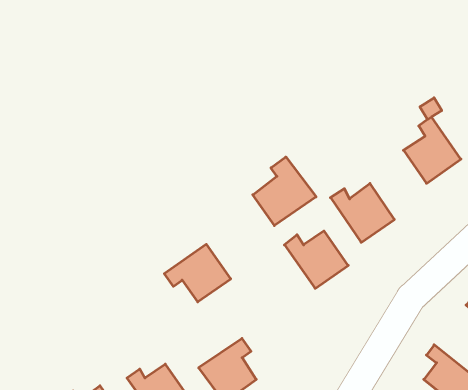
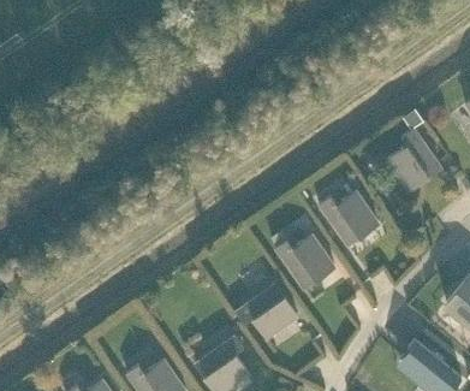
building: [253,157,316,226] -> none
building: [164,244,231,302] -> [236,284,298,338]

